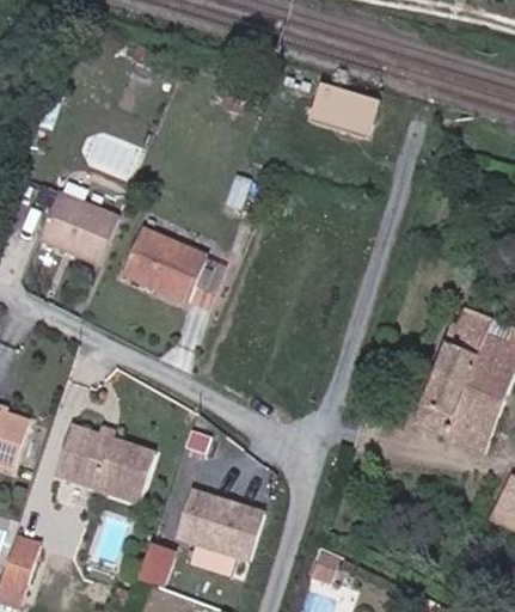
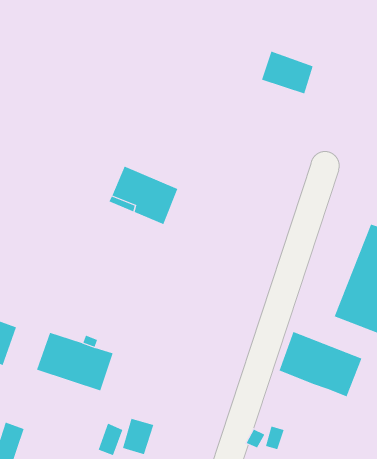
building: [54,195,134,267] -> none
building: none -> [279,331,362,397]
building: [165,488,257,555] -> none

